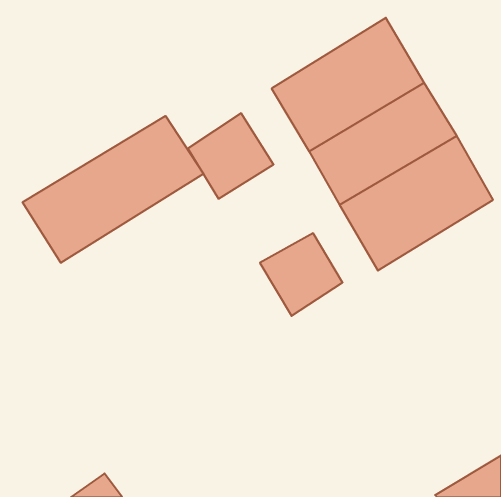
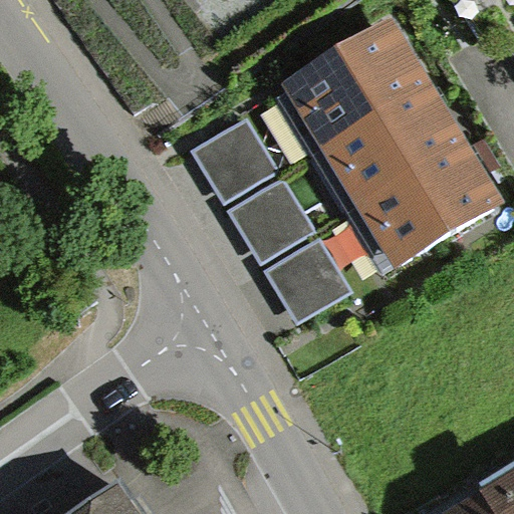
building: [23,116,203,263] -> none
building: none -> [228,176,314,262]

